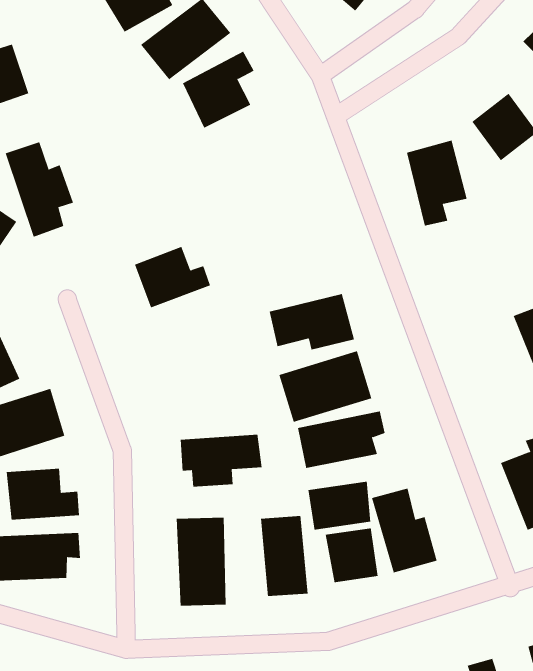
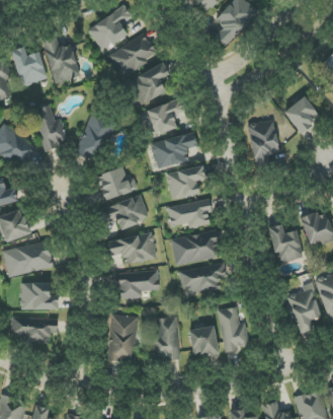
building: none -> [41,36,81,84]
building: none -> [140,99,185,137]
building: none -> [75,113,114,163]
building: none -> [151,132,197,168]
building: none -> [166,165,205,200]
building: none -> [98,195,149,228]
building: none -> [268,224,304,264]
building: none -> [107,233,157,264]
building: [308,481,371,530] -> none

